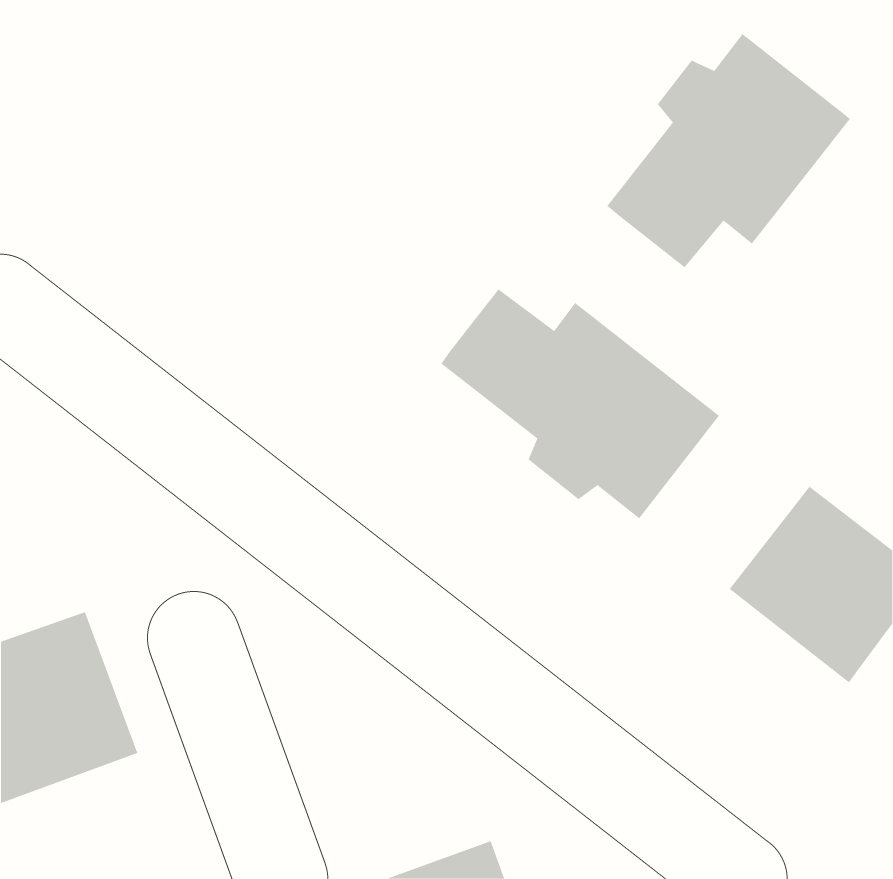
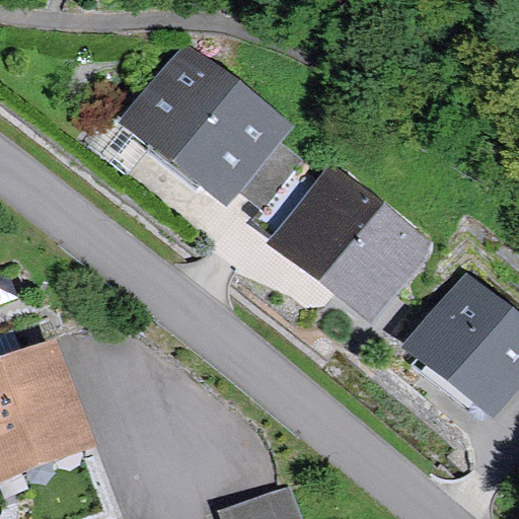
building: [607,33,851,268] -> none
building: none -> [140,61,301,204]

